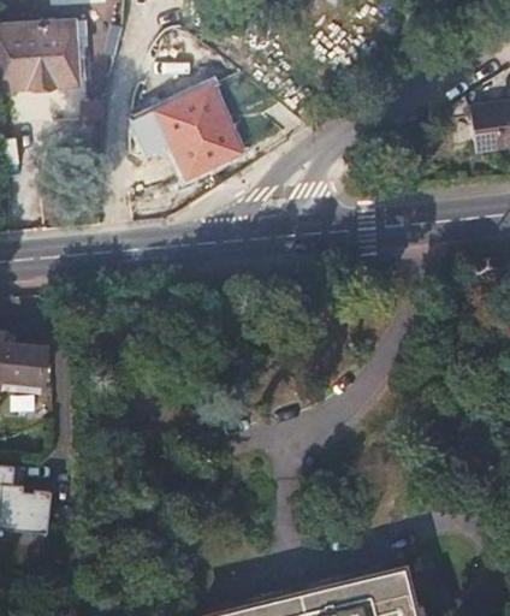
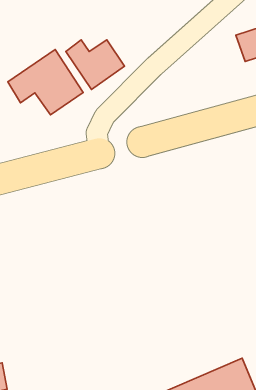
building: none -> [66,40,125,89]

